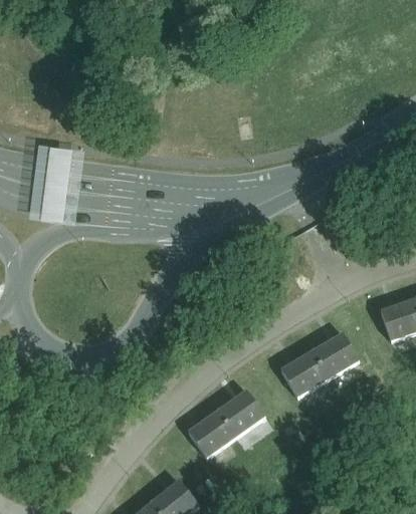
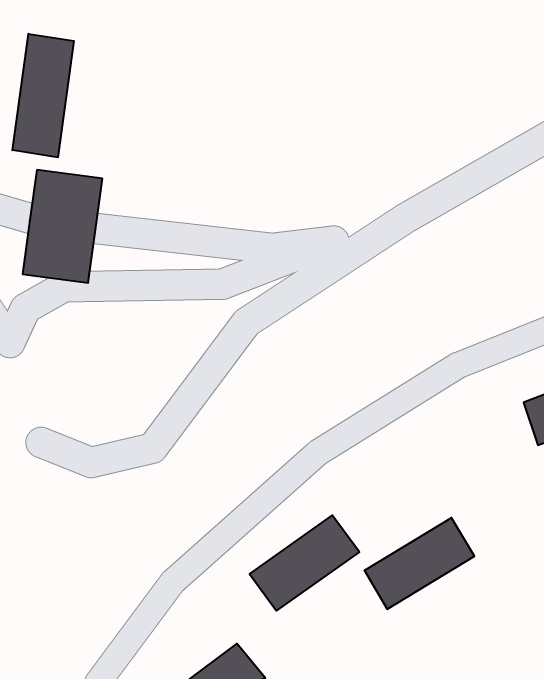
building: none -> [12,34,74,157]
building: [280,332,358,397] -> [364,518,474,609]

